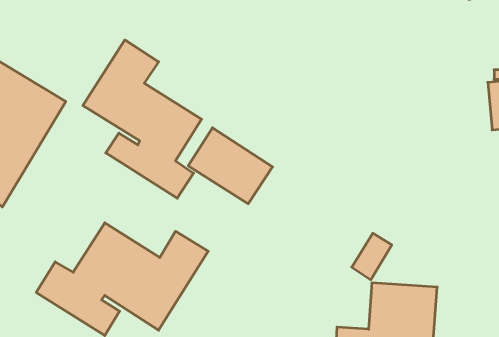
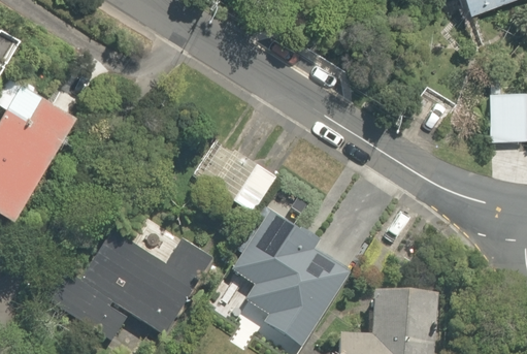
building: [83,40,202,198] -> none
building: none -> [230,213,350,327]

